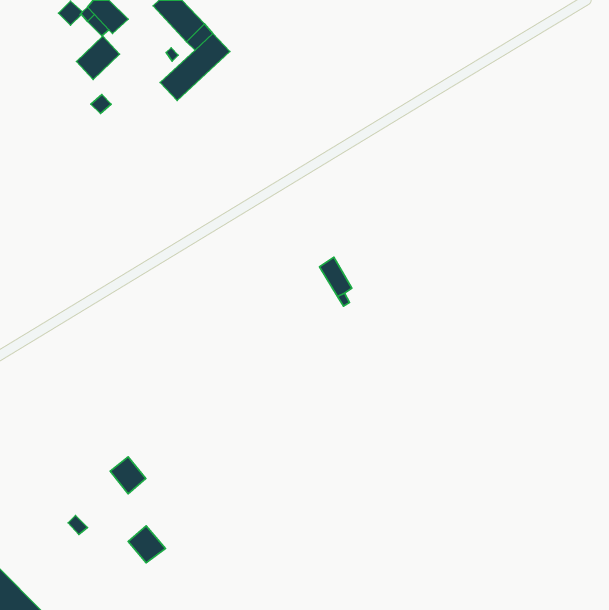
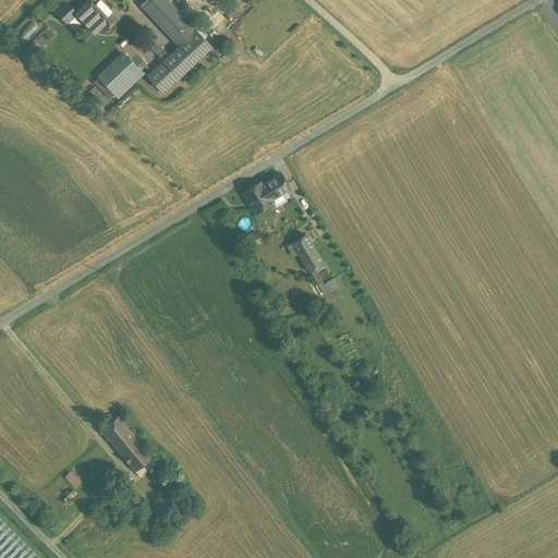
building: [76,36,119,79] -> [97,54,136,94]
building: none -> [242,174,288,214]
building: [128,526,165,563] -> [117,437,150,471]

